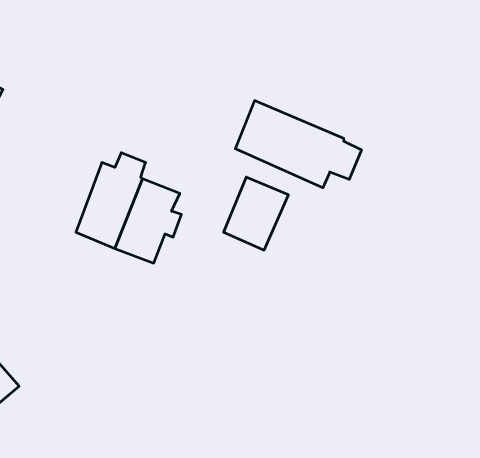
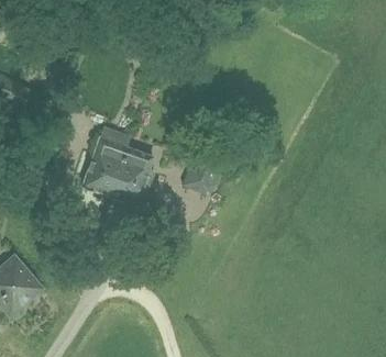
building: [235,101,361,188] -> none

